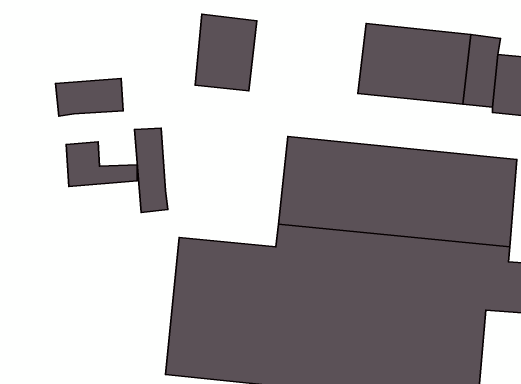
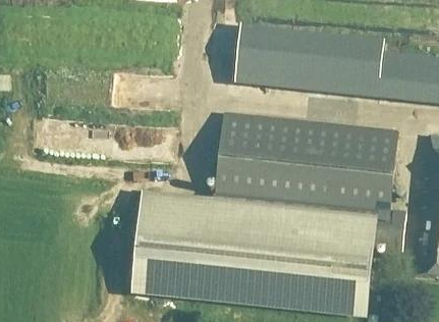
building: [195,14,257,91] -> [235,22,282,81]
building: [56,78,123,116] -> none
building: [135,128,168,212] -> none

